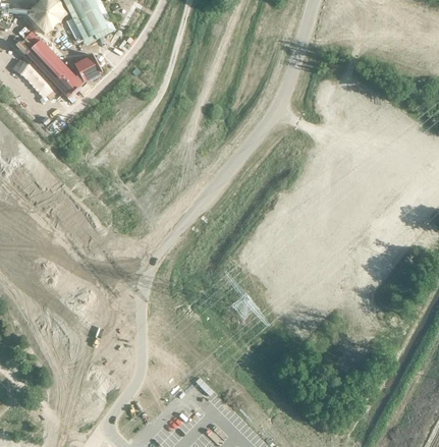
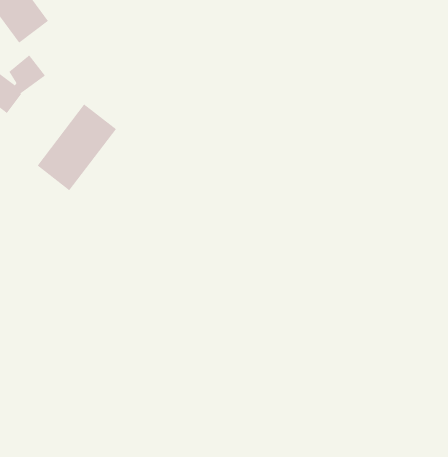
building: none -> [37,103,117,191]

